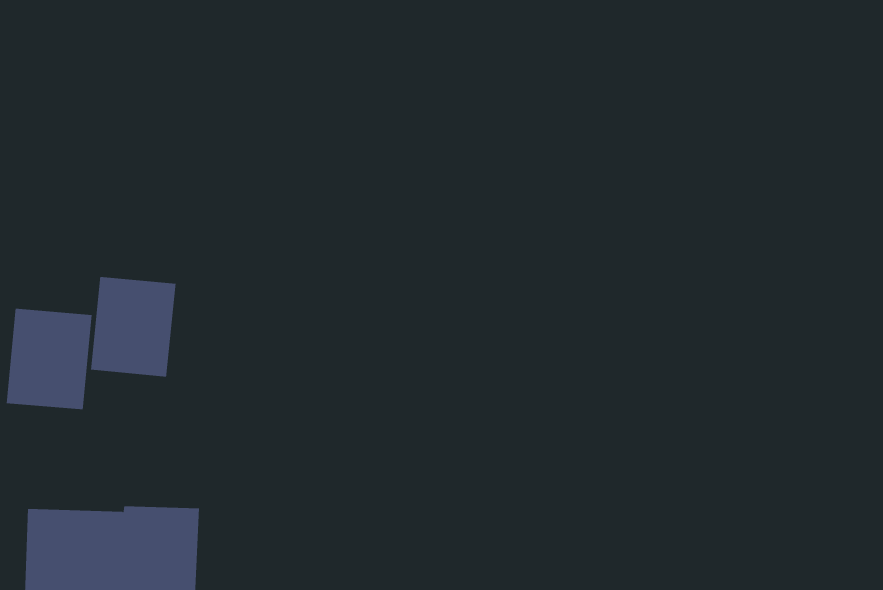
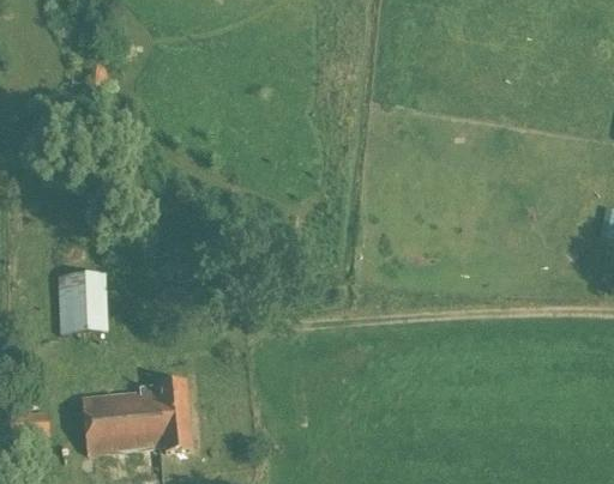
building: [90,276,176,377] -> none

